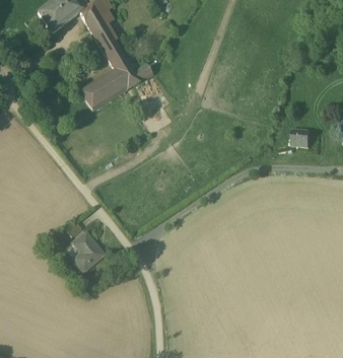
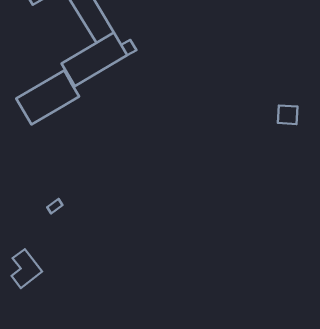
building: none -> [16,71,79,125]
building: [69,232,99,271] -> [11,249,42,288]

